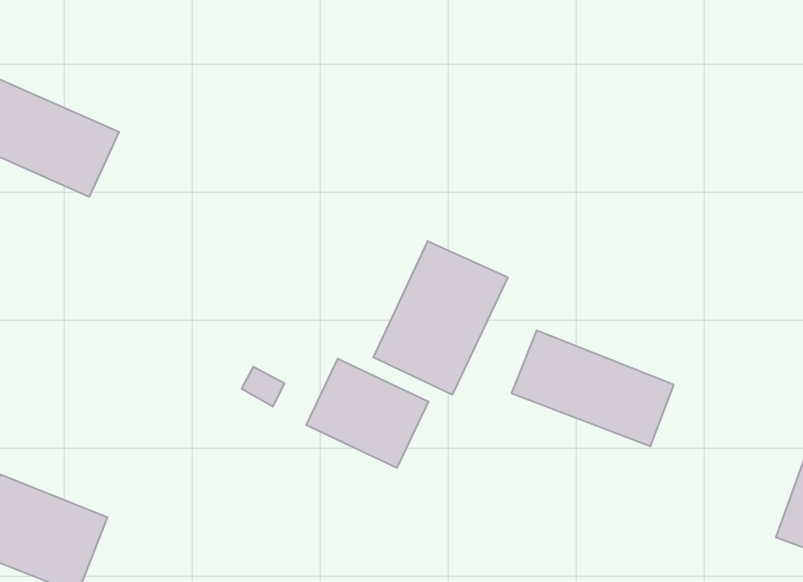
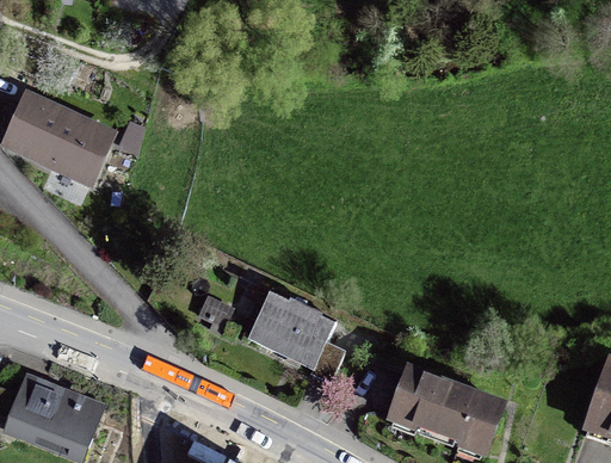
building: [373,241,508,395] -> none
building: [512,330,674,446] -> [389,366,506,450]

